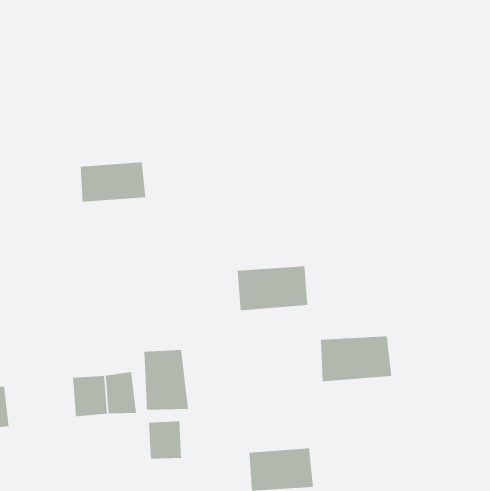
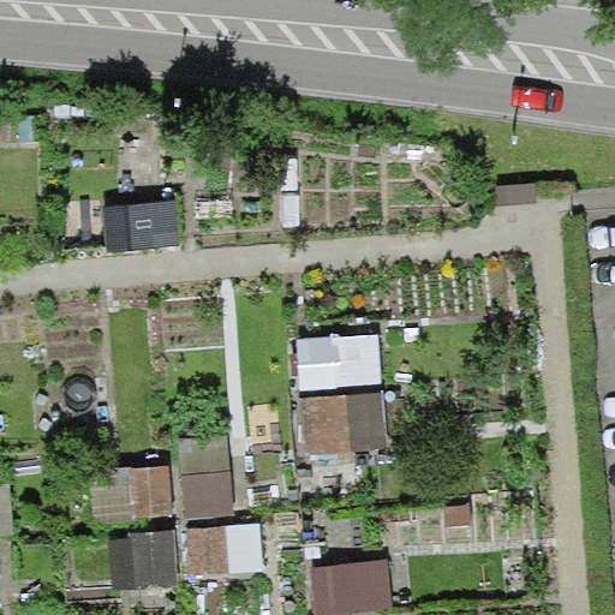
building: [320,336,392,382] -> [299,393,389,450]
building: none -> [101,529,181,595]

